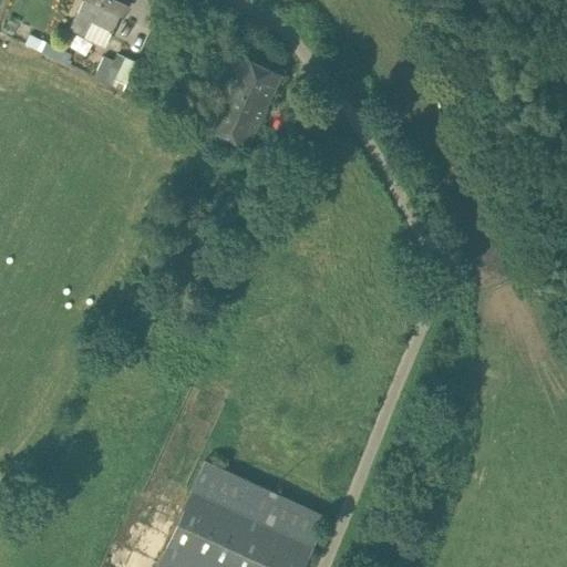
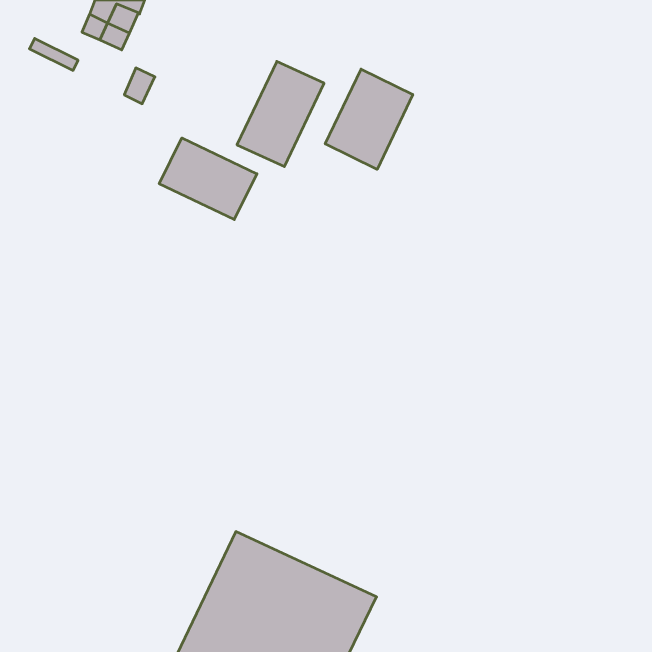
building: none -> [325,69,413,169]
building: none -> [159,138,257,220]

